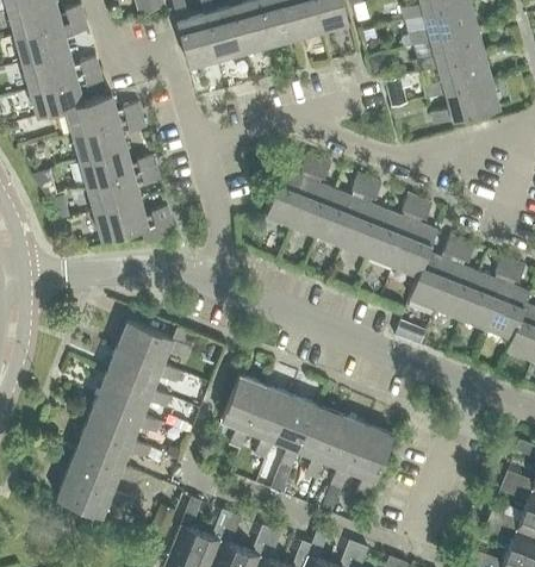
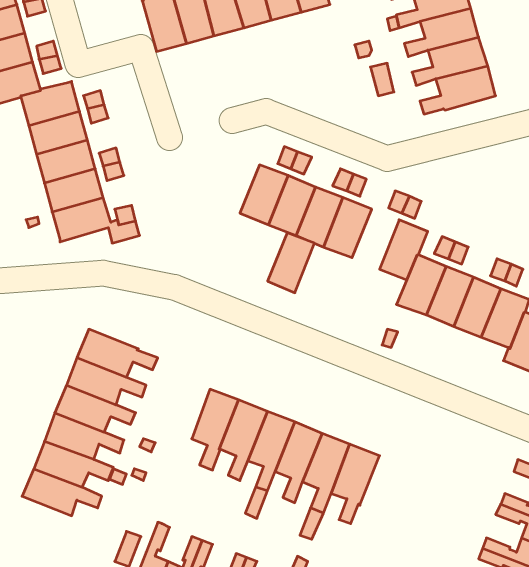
building: [368,211,411,266] -> [268,233,315,293]
building: [56,473,130,517] -> none

